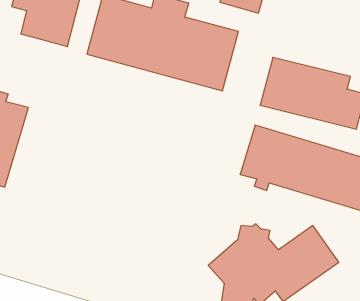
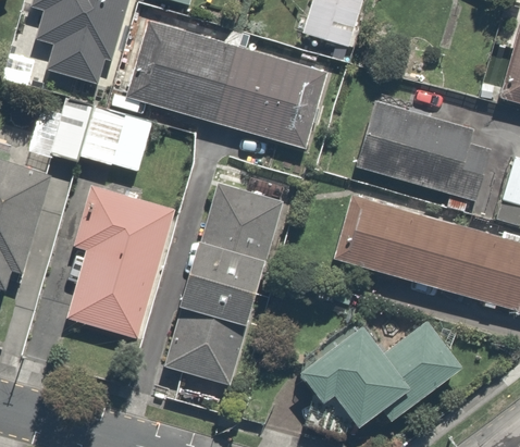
building: none -> [84,103,156,170]
building: none -> [29,114,83,158]
building: none -> [164,183,281,387]
building: none -> [70,184,179,336]

